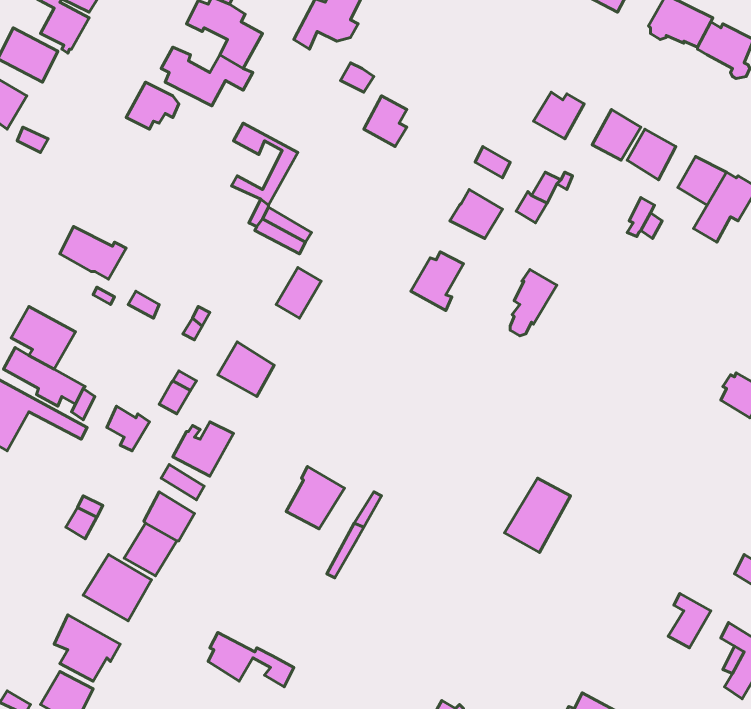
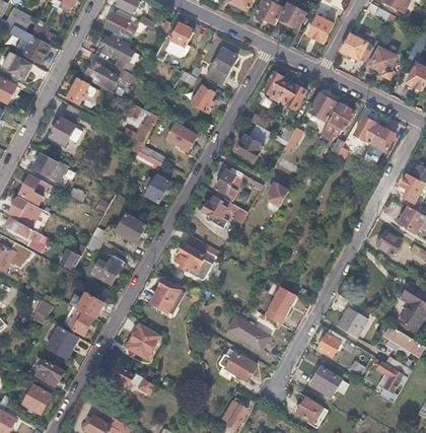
building: none -> [207,48,236,83]
building: none -> [264,72,289,100]
building: none -> [50,103,84,145]
building: none -> [166,123,196,150]
building: none -> [19,173,48,204]
building: none -> [203,198,247,226]
building: none -> [175,236,220,273]
building: none -> [338,308,367,338]
building: none -> [227,315,270,350]
building: none -> [127,323,160,358]
building: none -> [318,328,346,356]
building: none -> [219,351,256,380]
building: none -> [310,366,342,398]

